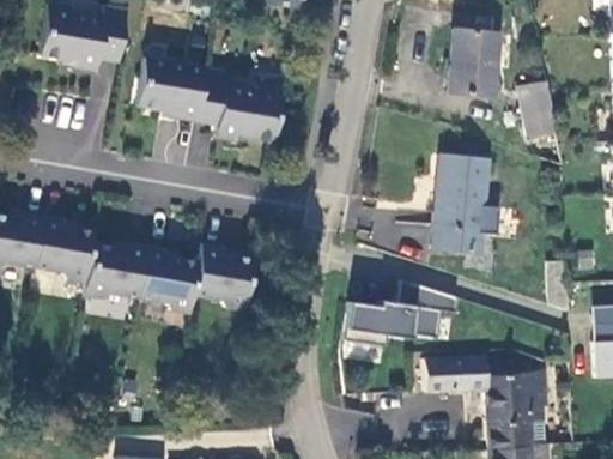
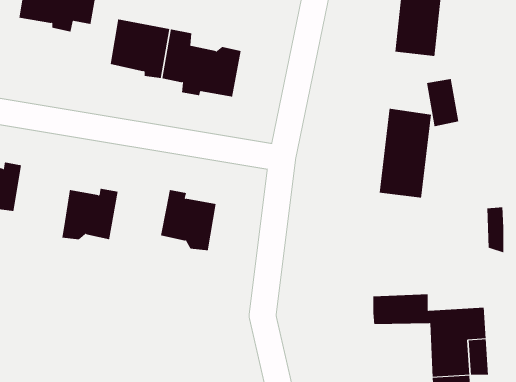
building: [521,81,557,134] -> [426,79,459,127]
building: [34,216,95,282] -> none
building: [138,244,199,312] -> none
building: [342,280,457,346] -> none

